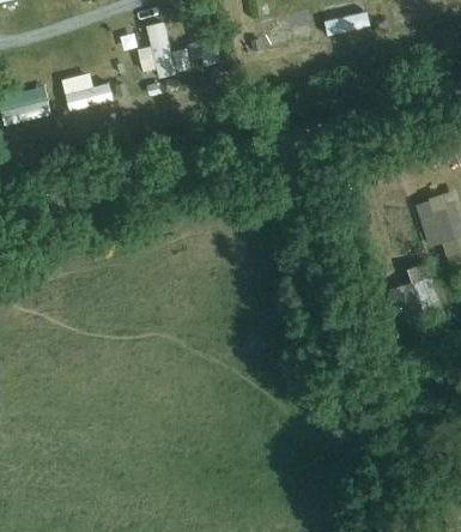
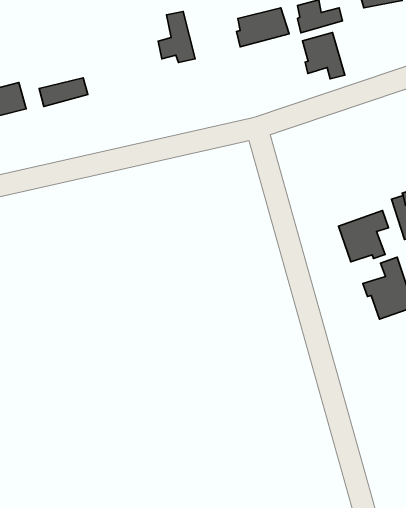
building: [137,20,175,78] -> none
building: none -> [303,33,345,79]
building: none -> [338,210,388,262]

